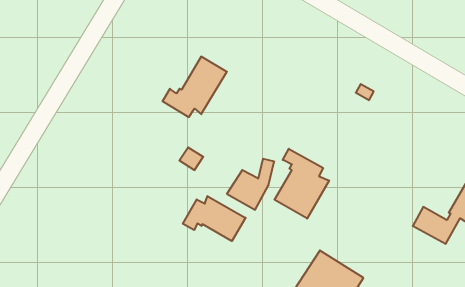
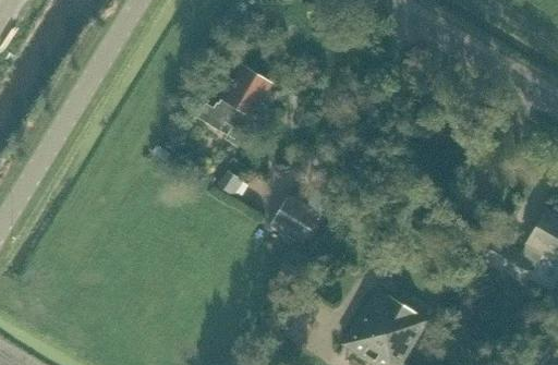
building: [275,149,329,219] -> none
building: [183,196,246,241] -> none

